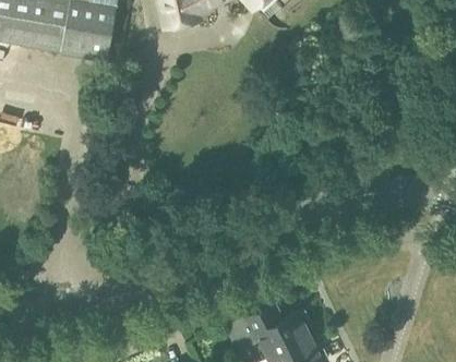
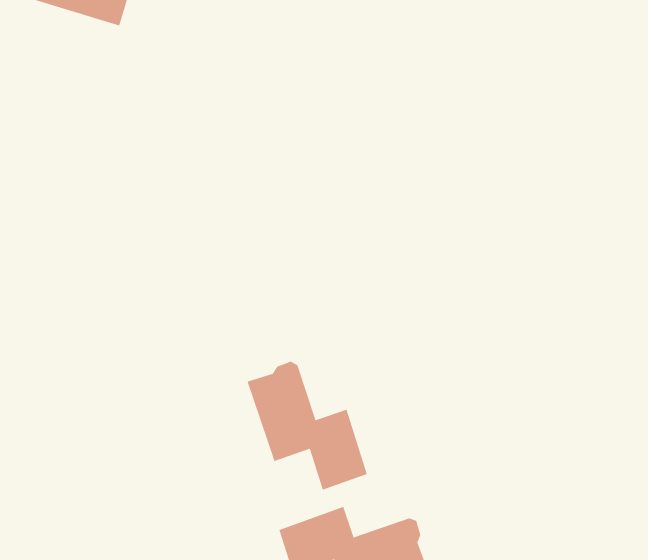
building: none -> [247,361,368,491]

